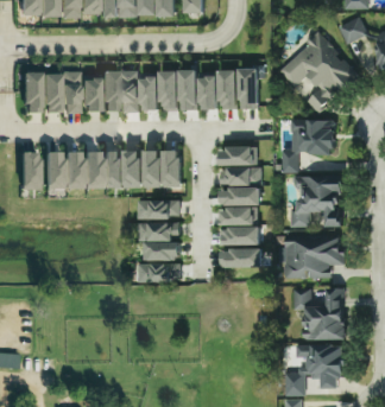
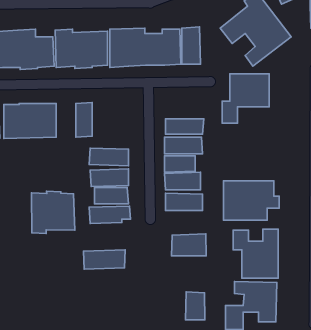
building: [219,146,258,165] -> none
building: [144,150,181,186] -> none
building: [103,151,121,187] -> none
building: [291,176,342,227] -> none
building: none -> [32,191,75,233]
building: none -> [172,234,206,256]
building: none -> [83,250,125,269]
building: none -> [186,292,205,320]

